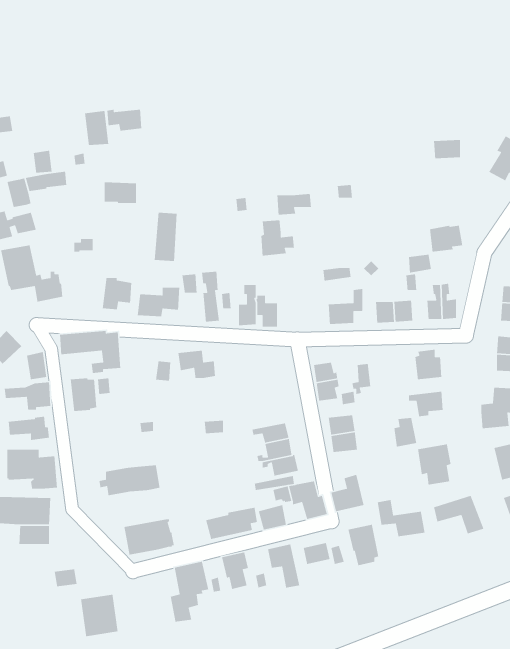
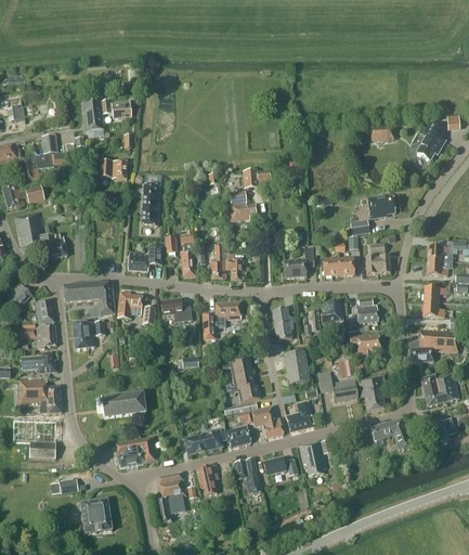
building: [102,277,132,310] -> [117,292,142,319]
building: none -> [321,300,343,326]
building: none -> [203,301,242,338]
building: [377,499,426,537] -> [317,370,357,401]

